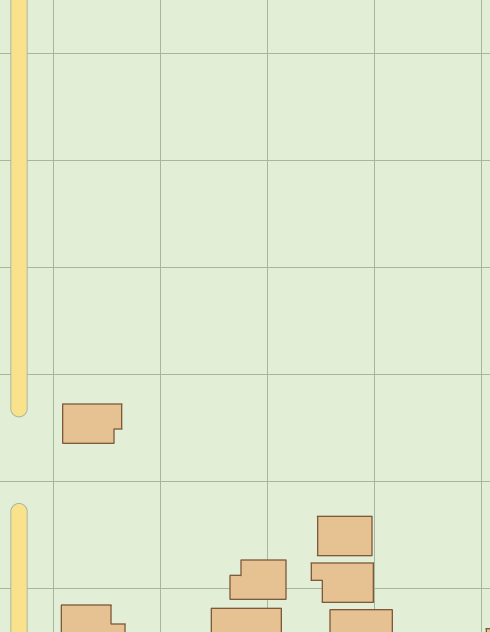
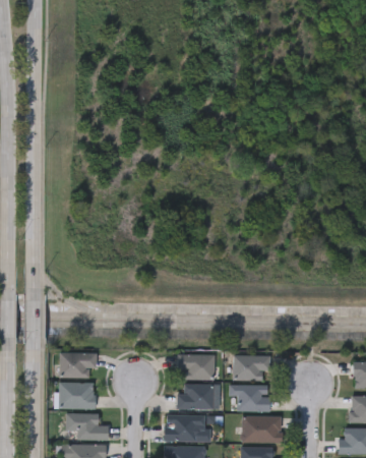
building: [63,404,122,443] -> [58,352,97,378]
building: none -> [178,354,215,380]
building: none -> [60,383,96,409]

